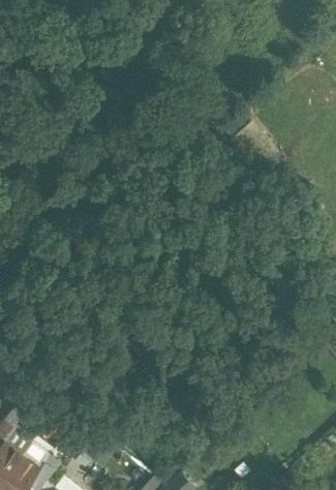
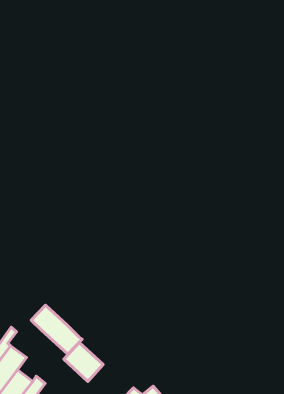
building: none -> [31,305,82,354]

